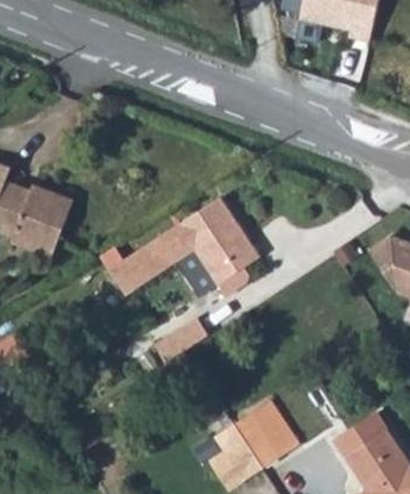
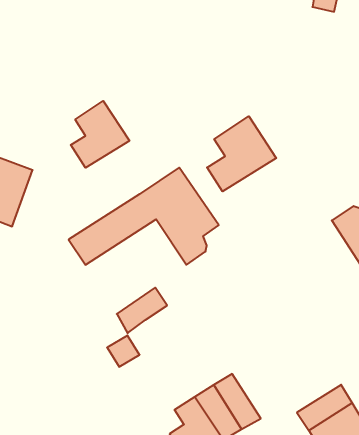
building: none -> [71,101,129,168]
building: none -> [207,116,276,191]

